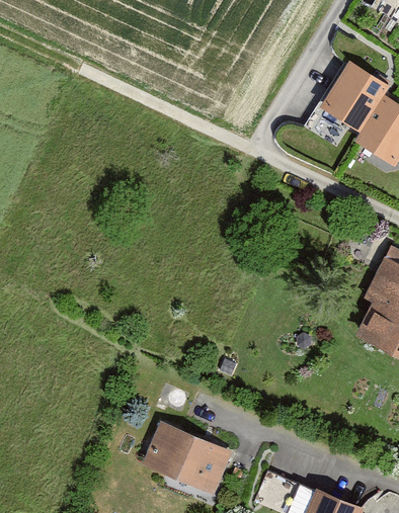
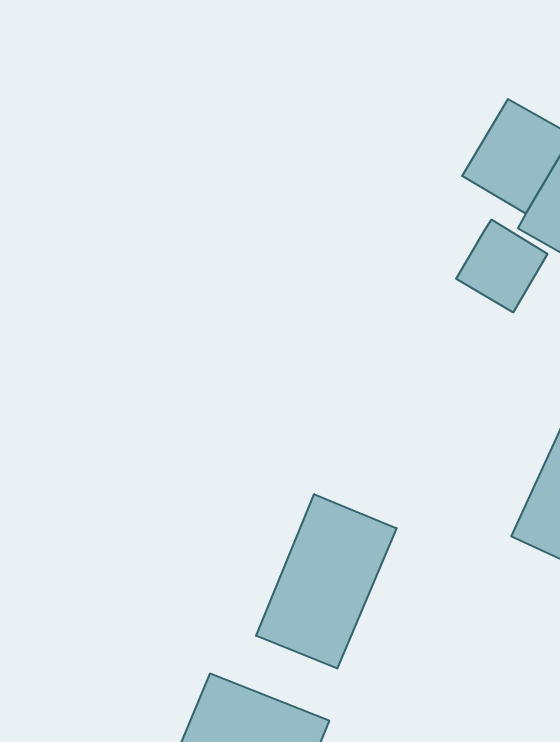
building: none -> [456,220,547,312]
building: none -> [256,494,397,669]

